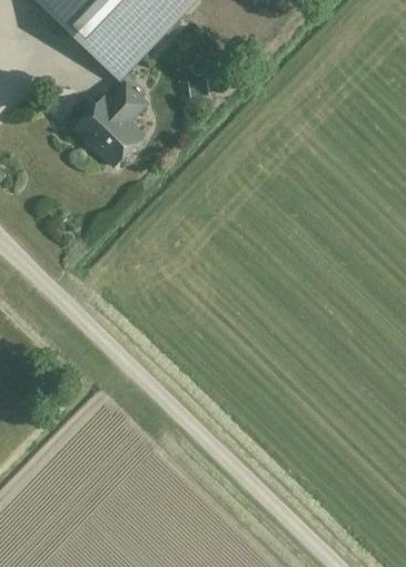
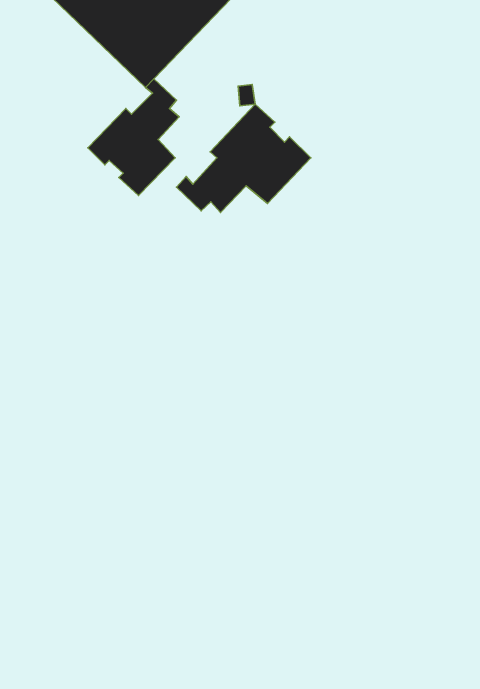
building: none -> [177,104,311,212]

